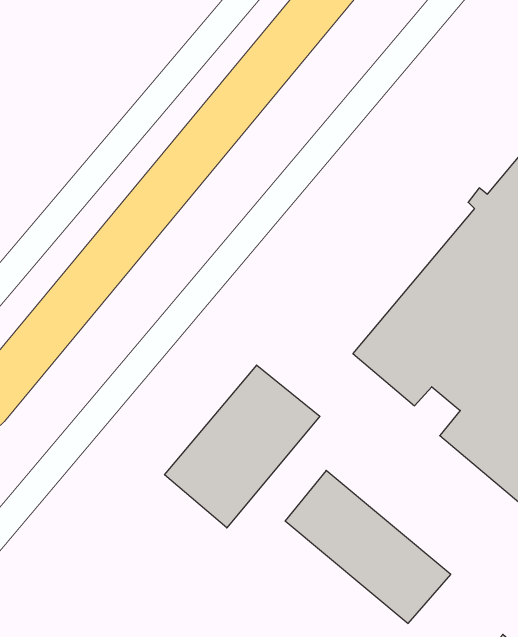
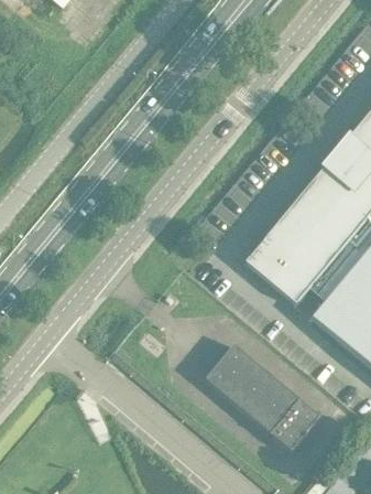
building: [165,365,320,528] -> none

